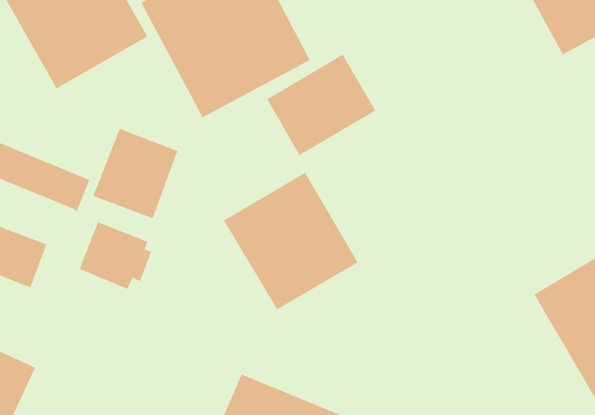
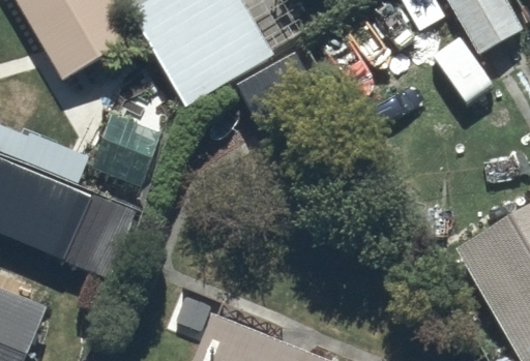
building: [223,172,358,310] -> none

